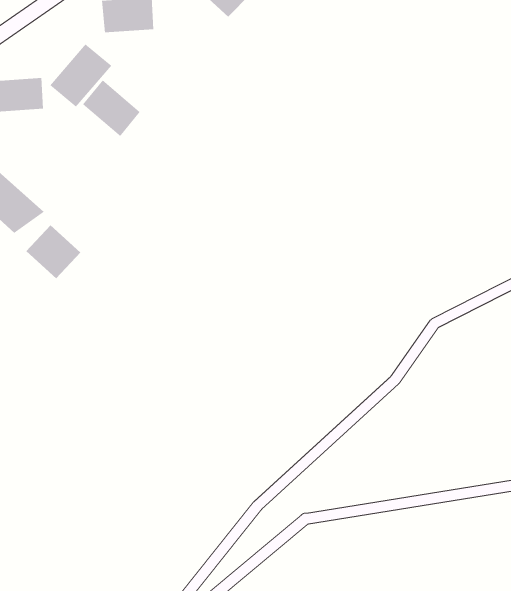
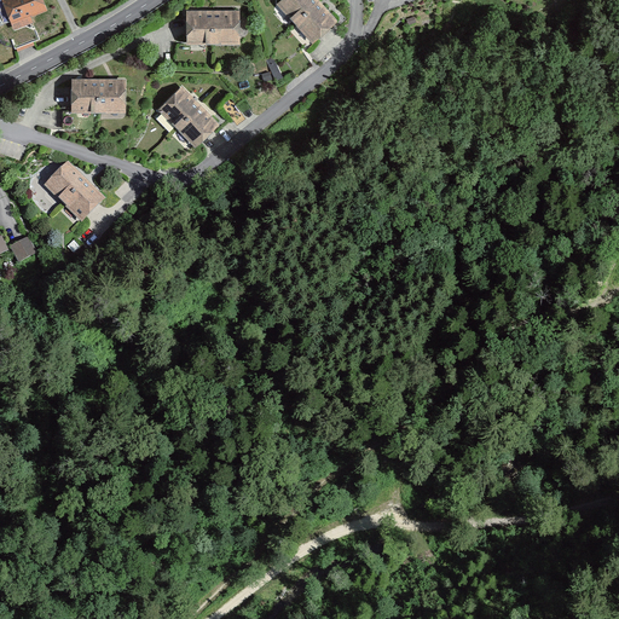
building: [50,43,112,108] -> none
building: [25,225,81,279] -> none

